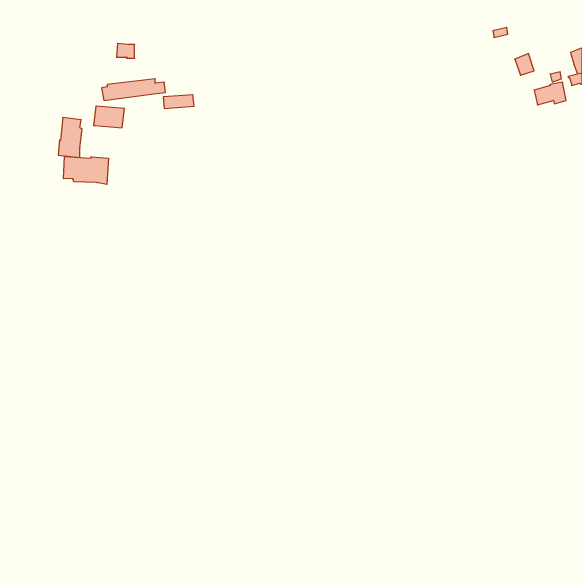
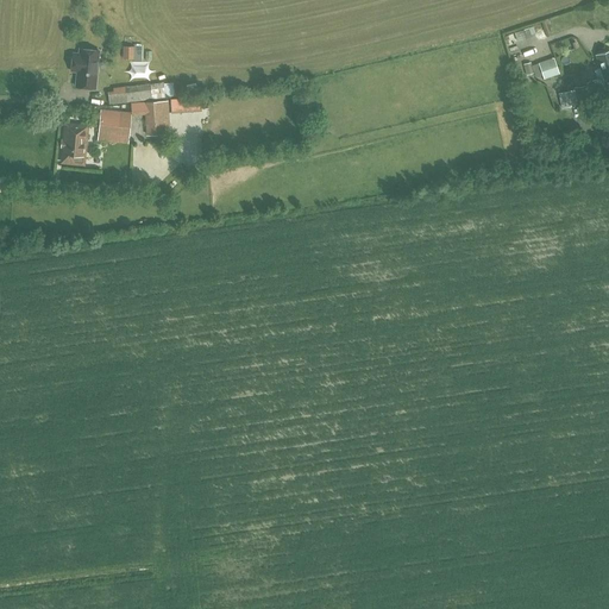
building: none -> [70,49,98,88]
building: none -> [131,103,170,138]
building: [64,157,108,184] -> none

